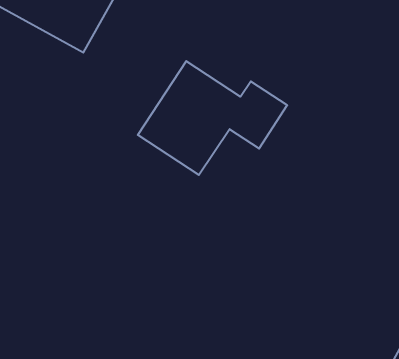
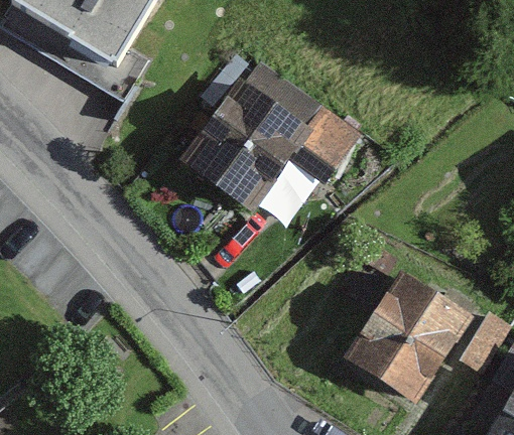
building: none -> [343,267,474,409]

